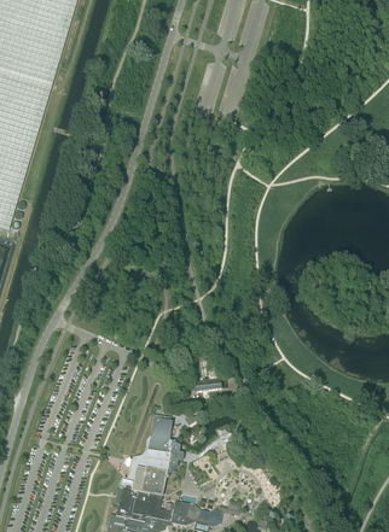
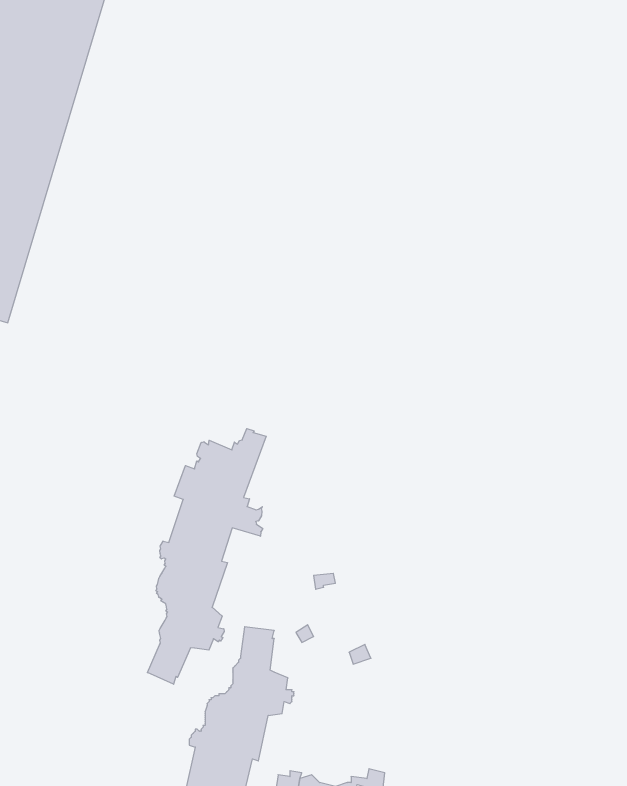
building: none -> [147,429,266,684]

